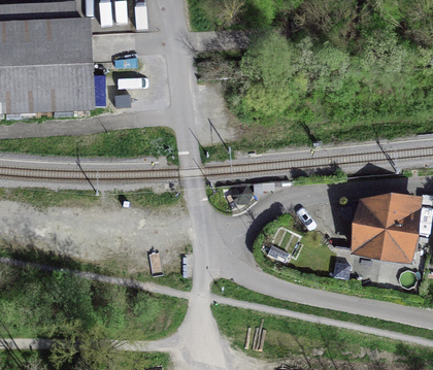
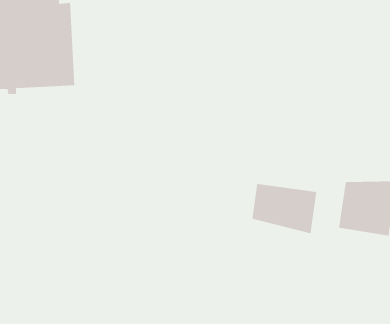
building: none -> [251,183,317,234]

